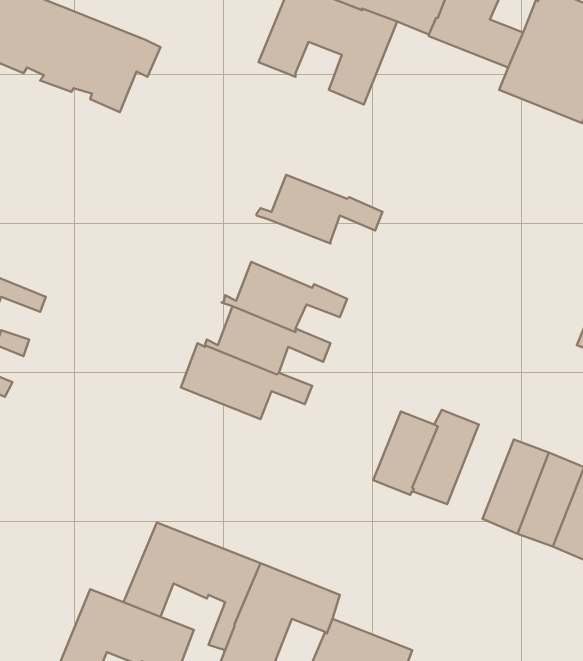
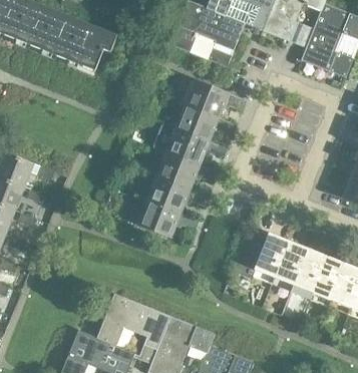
building: none -> [178,76,247,117]
building: none -> [159,128,228,165]
building: none -> [272,240,308,291]

